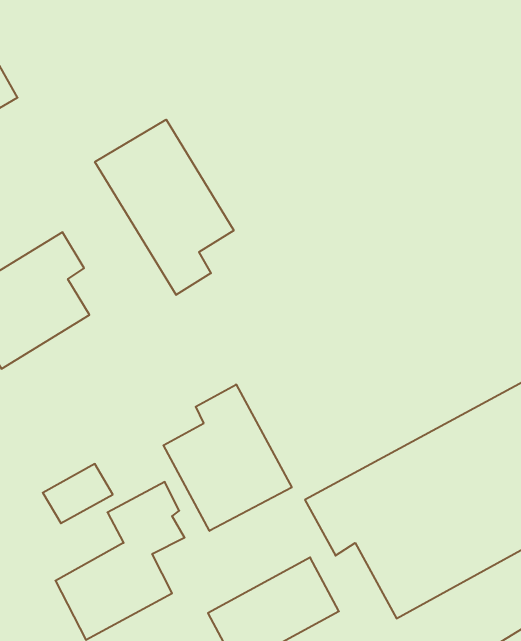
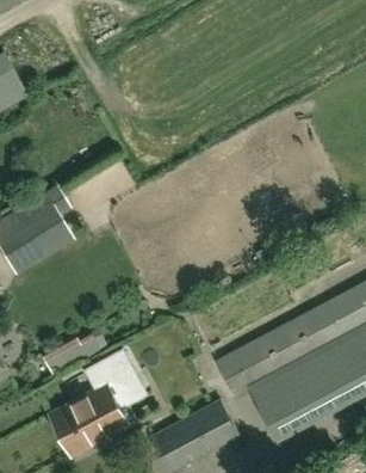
building: [95,120,234,295] -> none
building: [163,384,292,531] -> none

